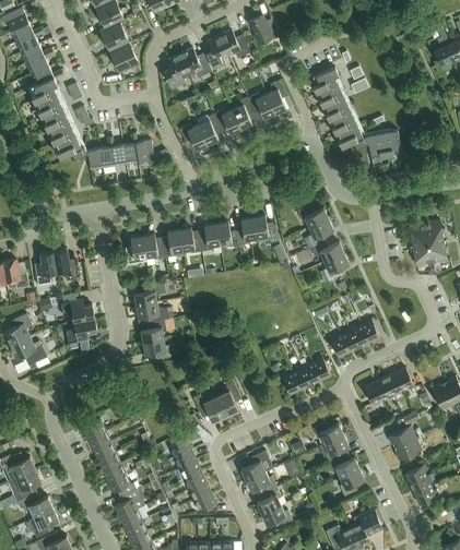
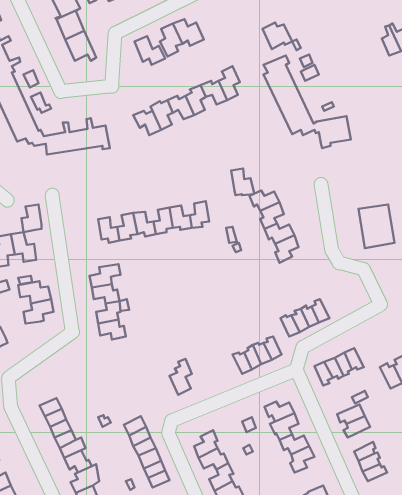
building: [249,16,280,44] -> [262,22,292,49]
building: [165,53,188,89] -> none
building: [252,215,275,242] -> [231,168,254,195]
building: [125,236,145,264] -> [21,204,42,232]
building: [192,394,224,421] -> none

